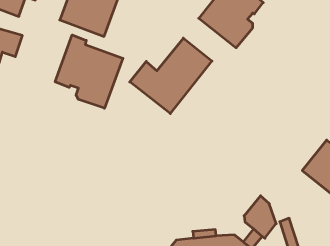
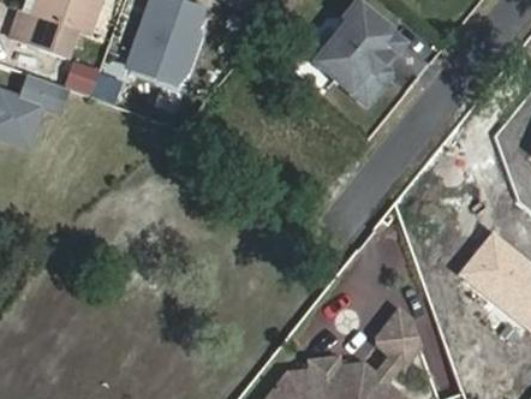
building: [55,35,123,108] -> none
building: [130,38,212,114] -> none

